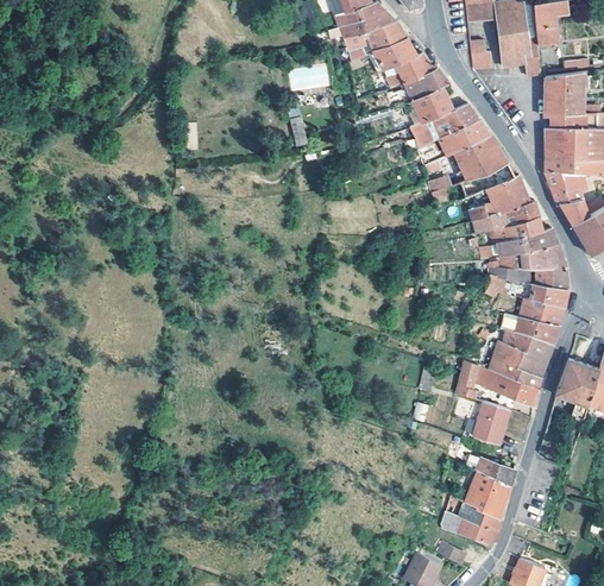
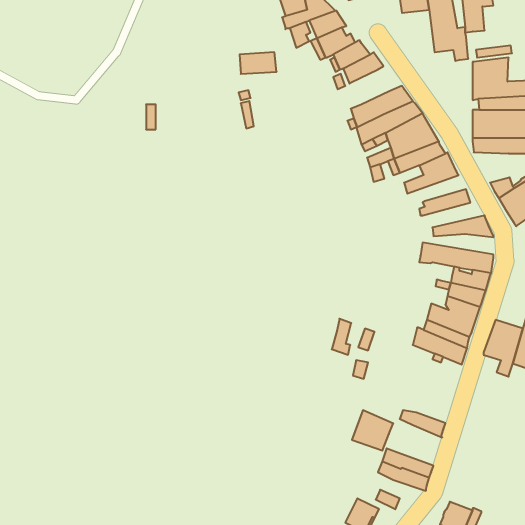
building: [470,39,495,69] -> none
building: [411,84,453,122] -> none
building: [546,175,586,206] -> none
building: [473,200,537,232] -> none
building: [485,227,558,259] -> none
building: [490,264,567,286] -> none
building: [459,360,480,399] -> [332,319,351,355]
building: [477,402,508,443] -> none
building: [466,472,511,516] -> [352,410,393,451]

